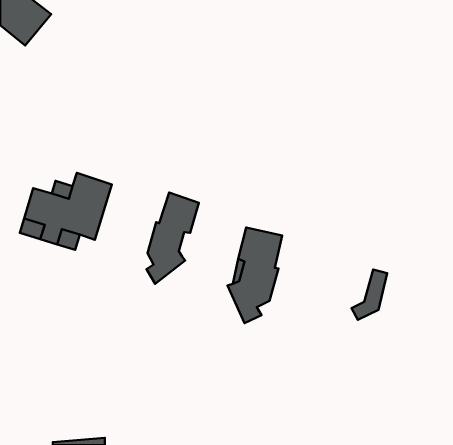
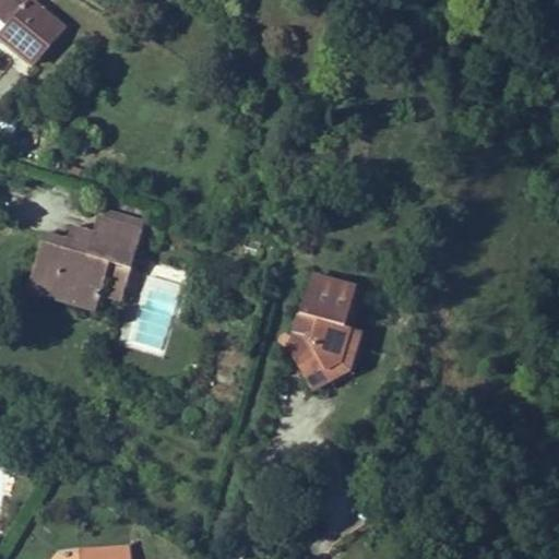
building: [147,193,199,284] -> none
building: [352,270,387,320] -> [319,328,362,389]

